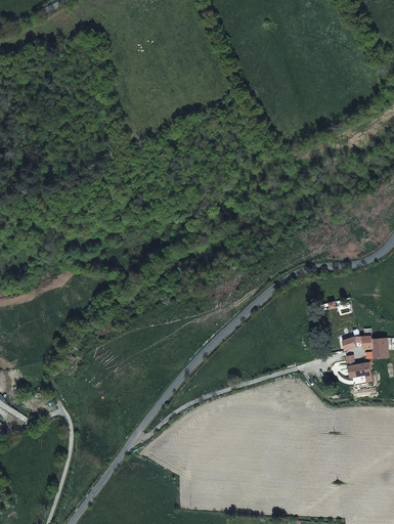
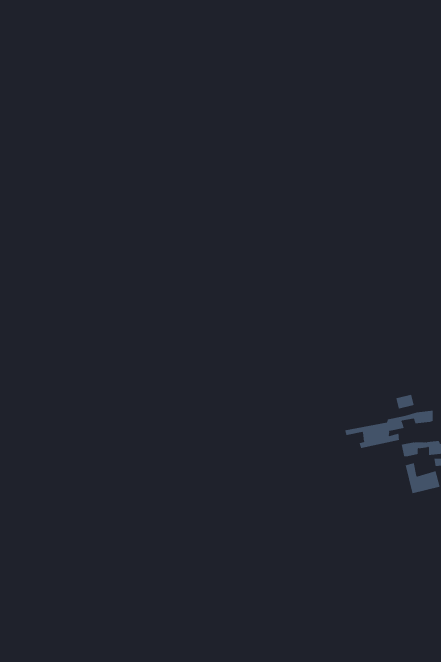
building: none -> [344,410,433,449]

